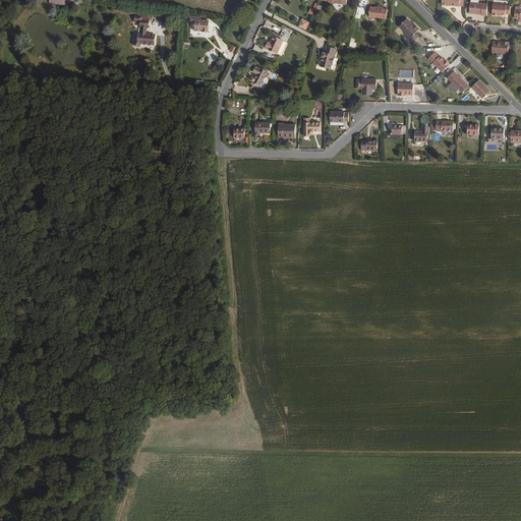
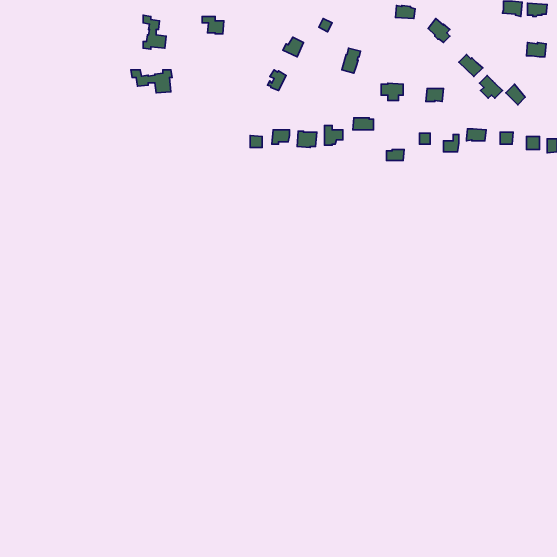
building: none -> [131,70,172,93]

